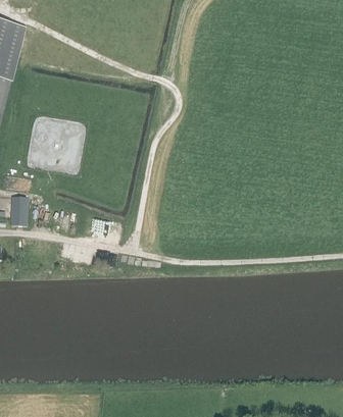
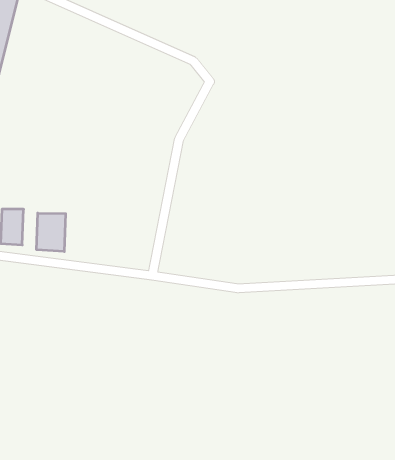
building: none -> [37,213,66,252]

